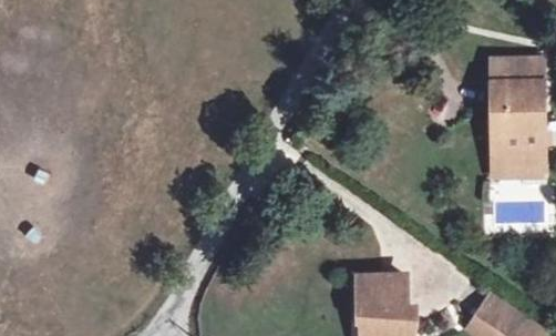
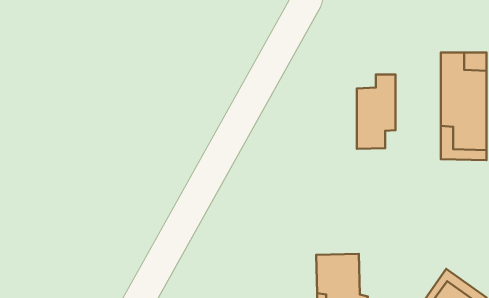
building: none -> [357,74,396,149]

